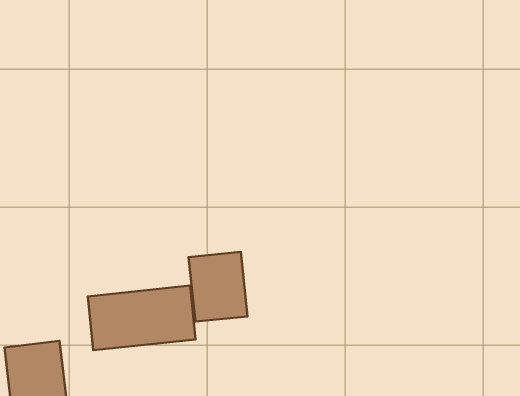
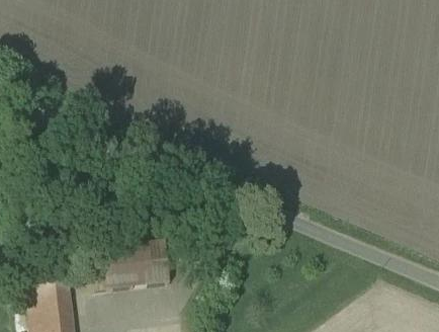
building: [189,252,248,322] -> none

